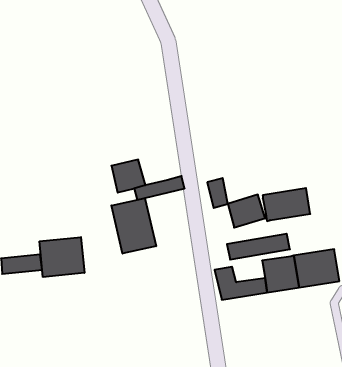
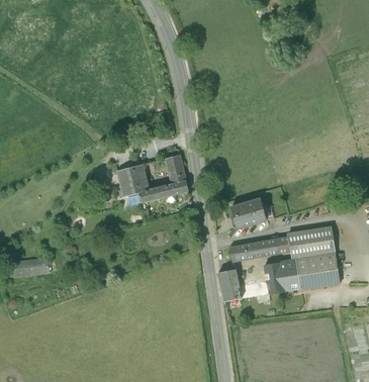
building: [207,178,228,208] -> [165,155,185,184]
building: [263,188,310,221] -> [288,226,335,259]
building: [111,198,156,254] -> none
building: [40,237,84,277] -> none

